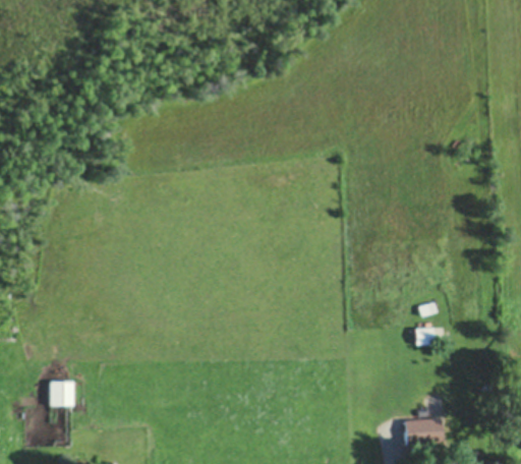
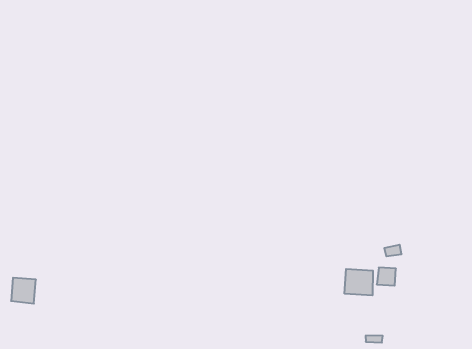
building: none -> [345,269,373,295]

